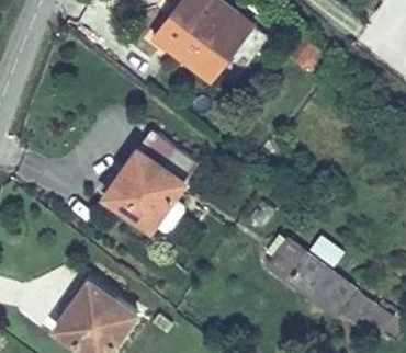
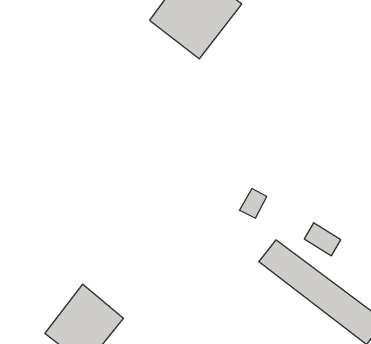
building: [105,141,192,232] -> none

